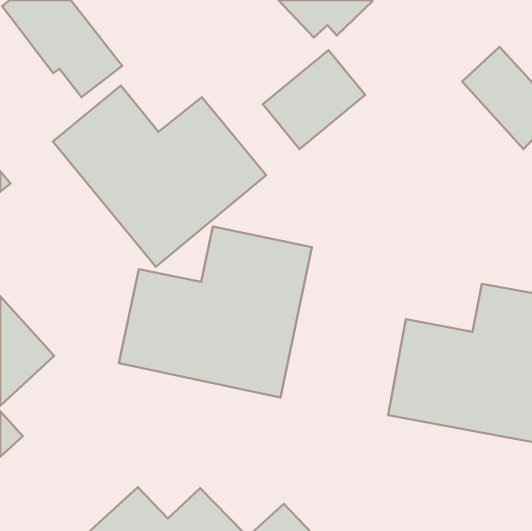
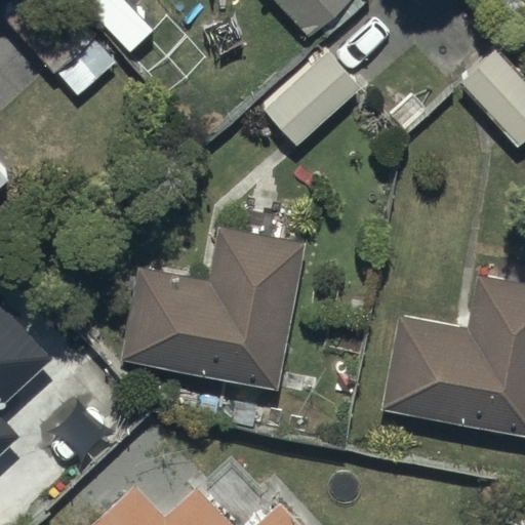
building: [53,86,266,267] -> none

